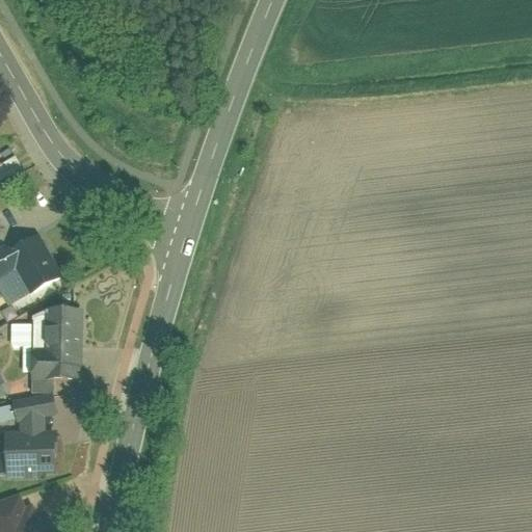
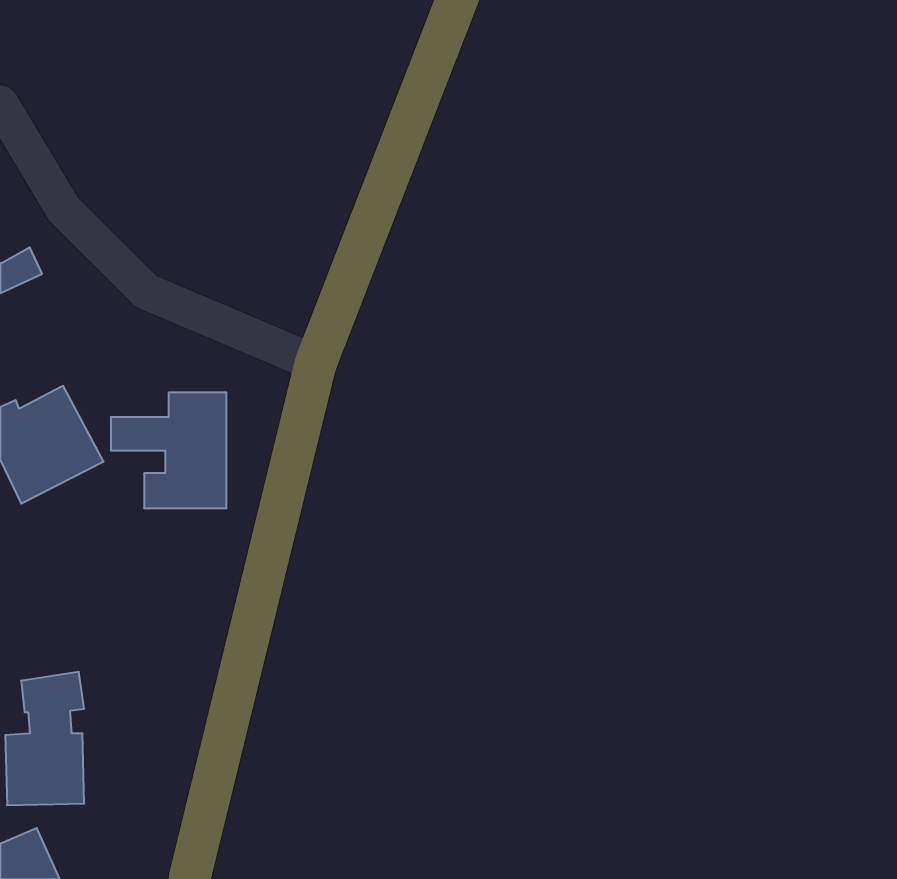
building: [9,314,78,382] -> [111,393,227,508]

